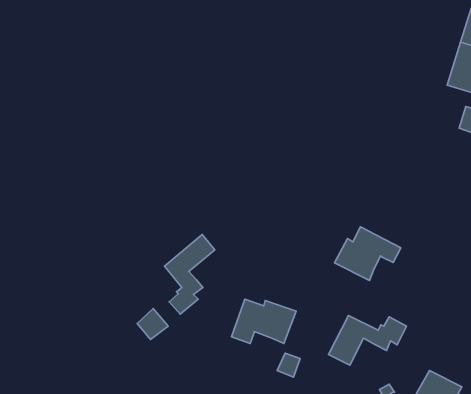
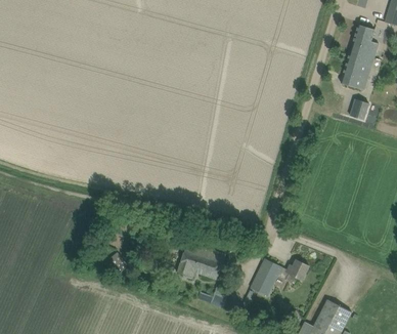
building: [335,227,401,280] -> none
building: [164,234,215,314] -> none

